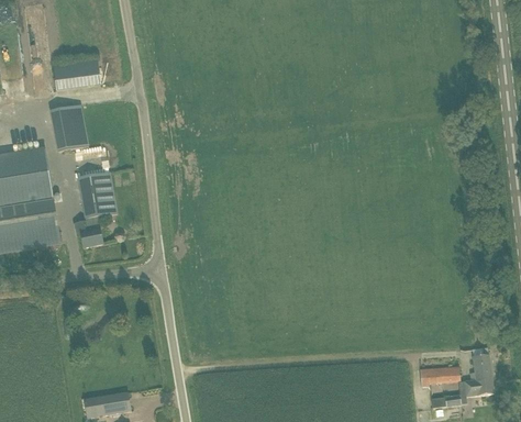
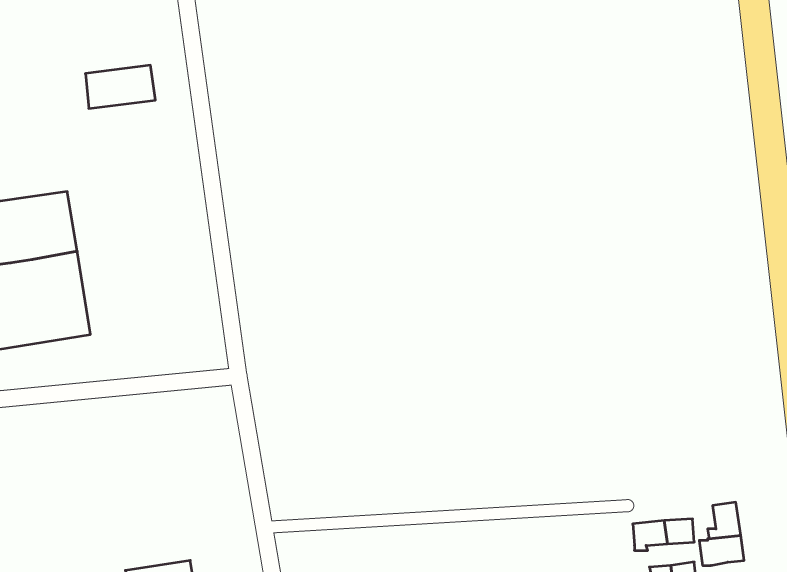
building: [48,103,88,151] -> none
building: [76,170,117,247] -> none

